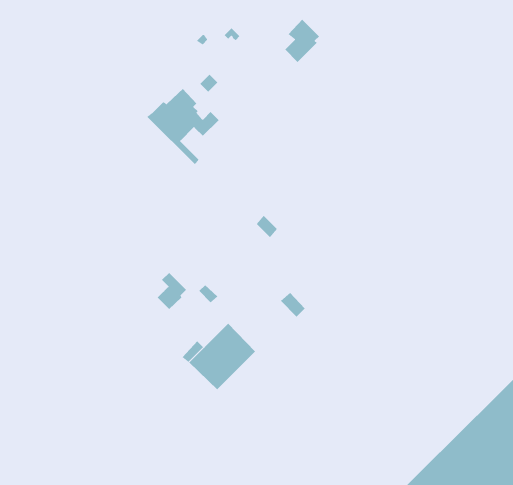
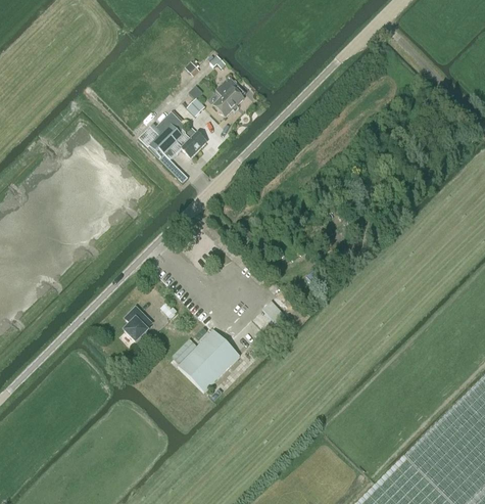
building: [284,19,320,63] -> [213,77,246,118]
building: [157,272,187,310] -> [125,308,152,342]

